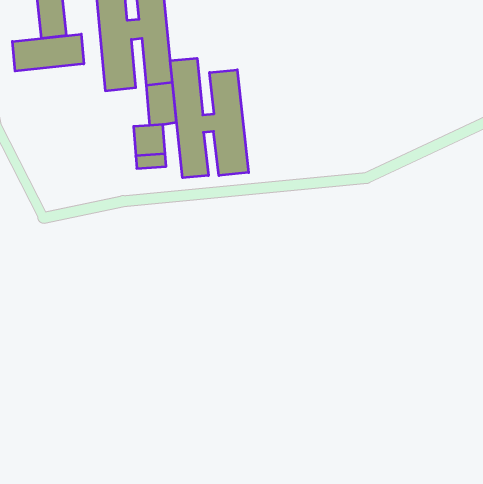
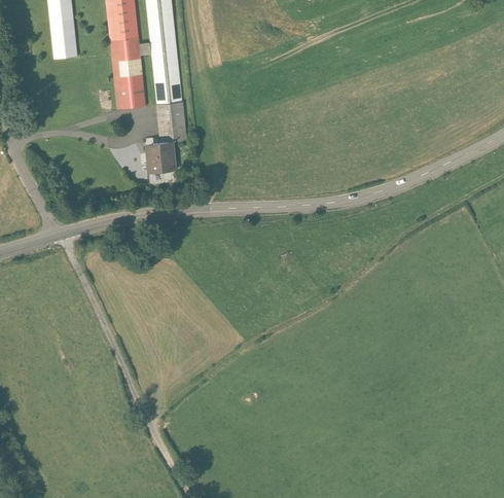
building: [12,34,84,71] -> none
building: [170,58,249,178] -> none

